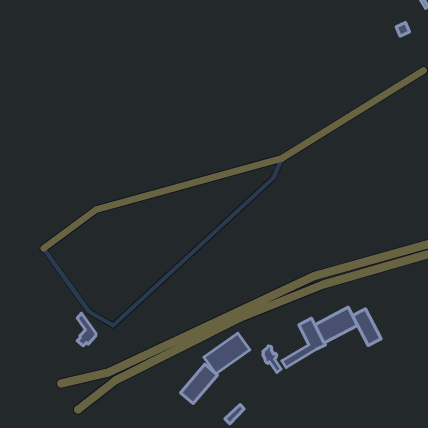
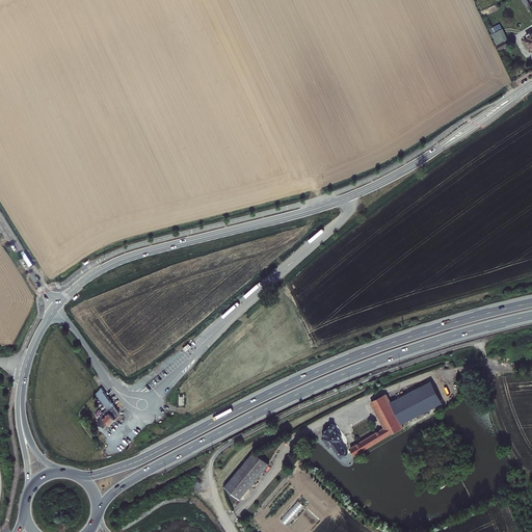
building: [353,309,381,346] -> none
building: [204,333,250,374] -> none

